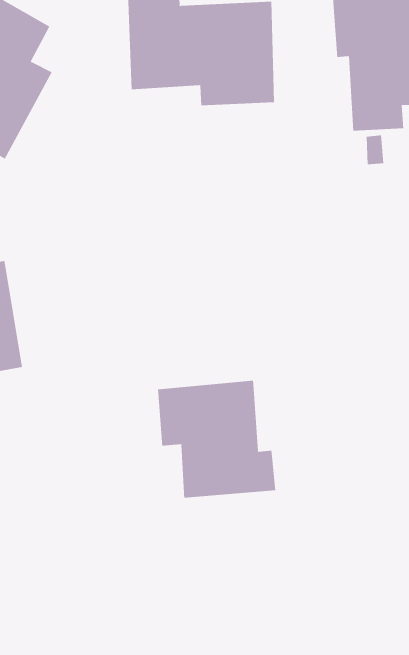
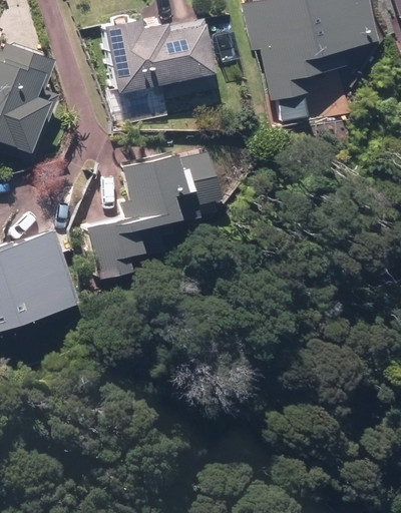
building: none -> [83,149,217,279]
building: [158,380,276,498] -> none

